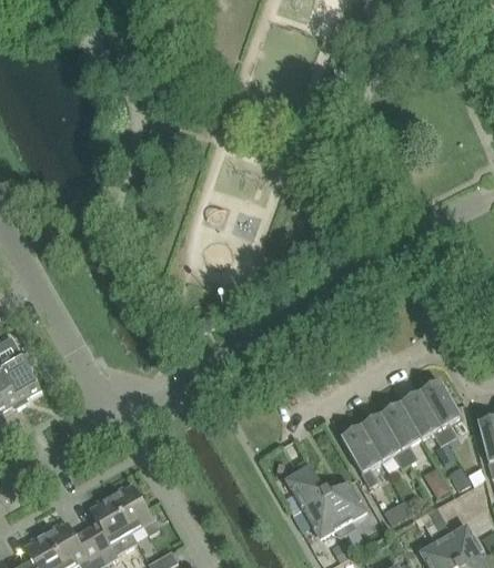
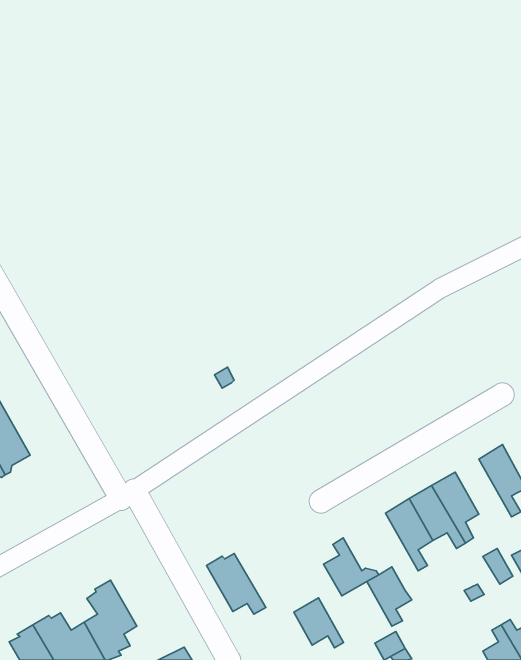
building: [400,392,447,444] -> none
building: [109,484,159,535] -> [207,554,266,614]
building: [304,495,346,537] -> [294,598,344,648]

